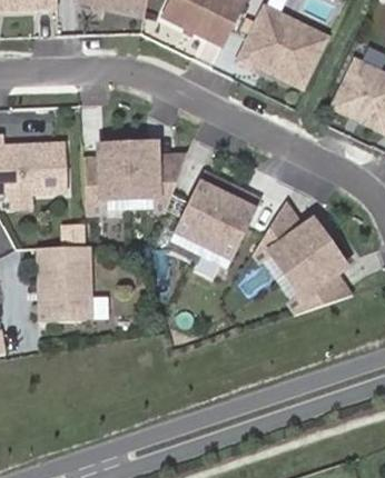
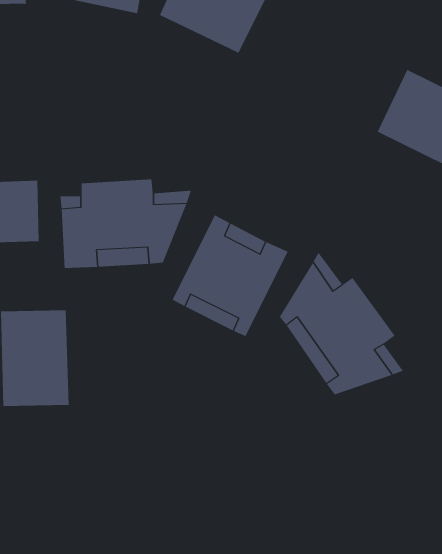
building: [247,9,328,87] -> none

